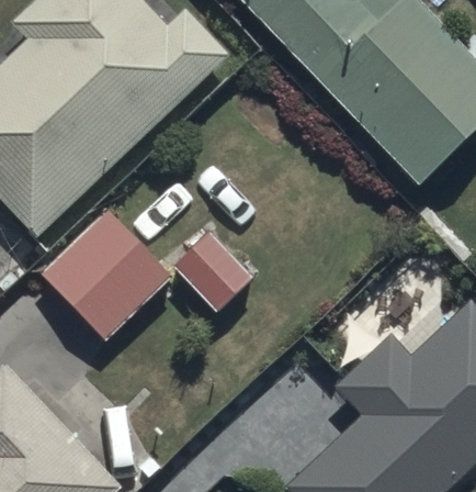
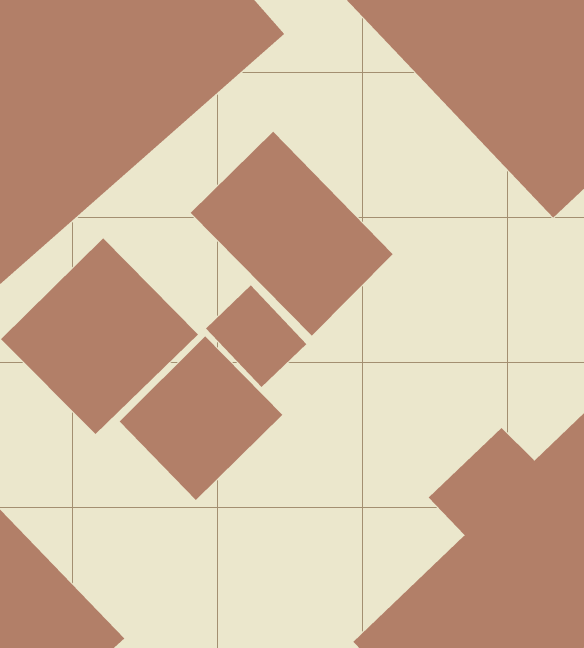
building: none -> [190,131,394,337]
building: none -> [119,336,283,501]

